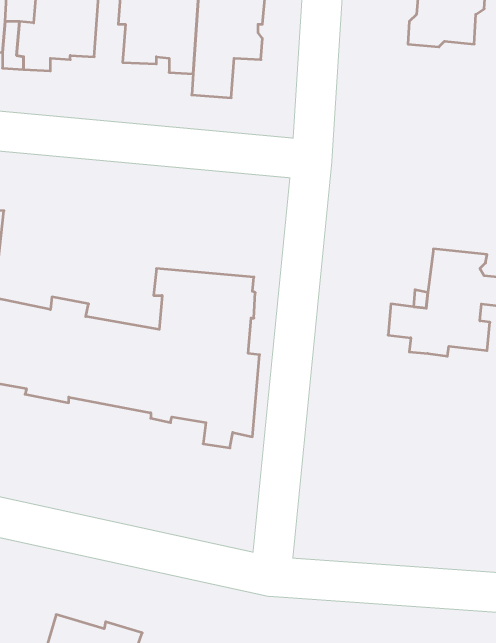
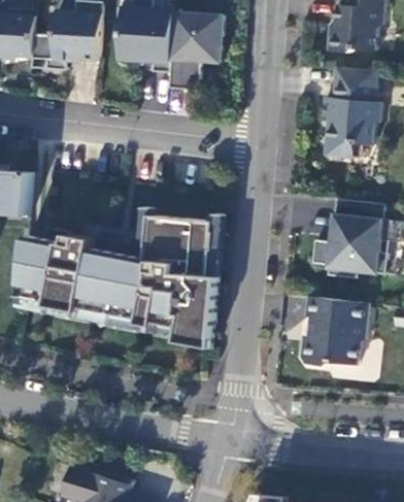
building: none -> [322,68,380,159]
building: none -> [300,297,368,367]

